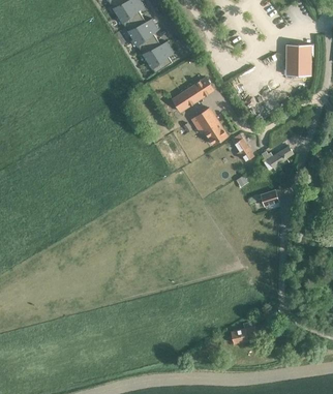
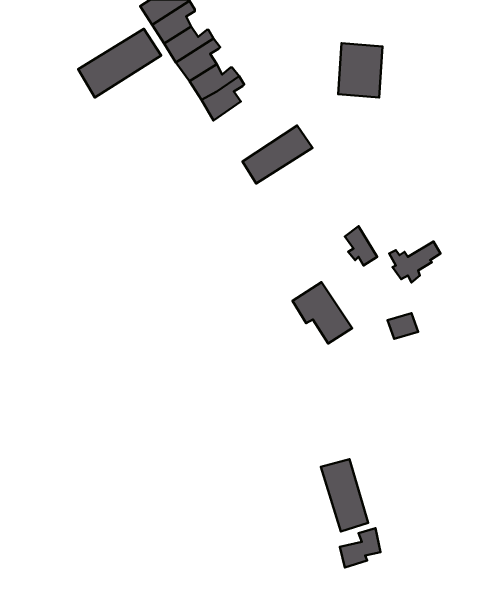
building: none -> [78,29,161,98]
building: [285,42,312,75] -> [338,43,382,98]
building: [191,108,228,145] -> [293,282,352,344]
building: none -> [321,459,368,532]

